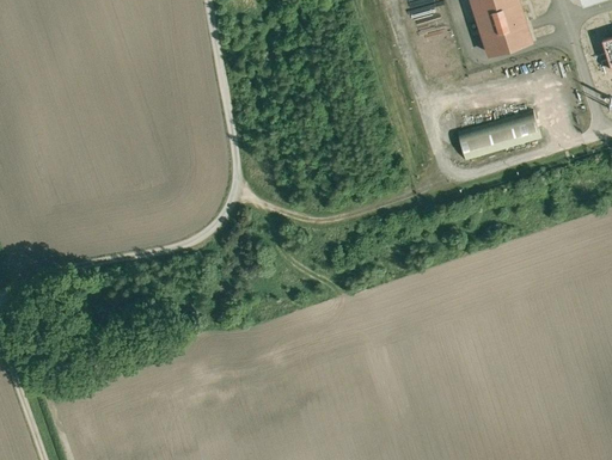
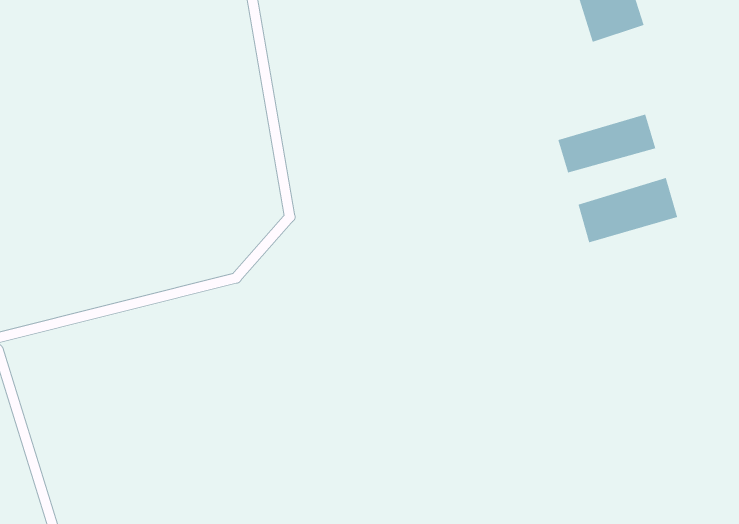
building: none -> [578,177,678,243]

